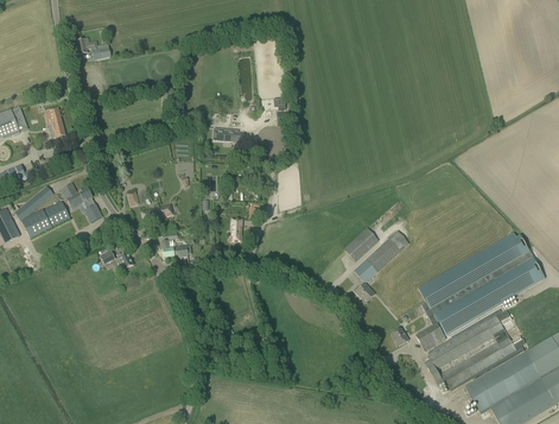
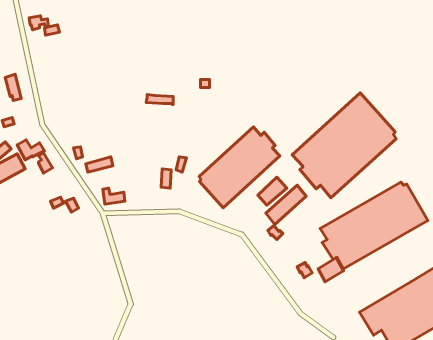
building: none -> [292,93,396,198]
building: none -> [199,127,280,208]
building: [425,308,525,390] -> none

